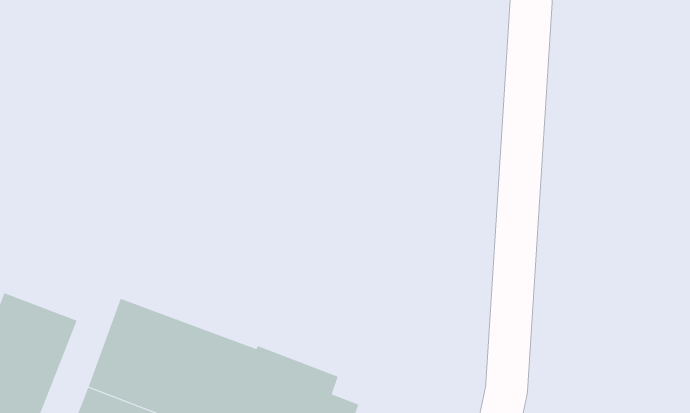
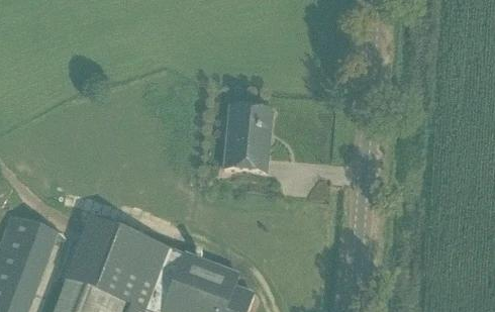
building: none -> [223,106,271,173]

